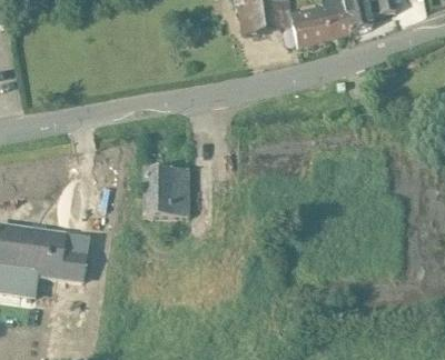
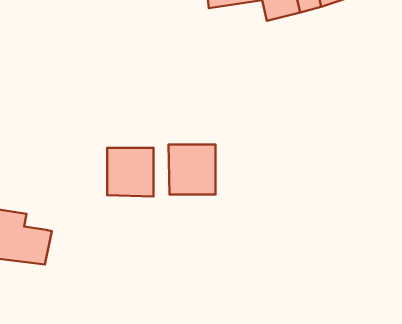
building: none -> [168,145,215,194]

